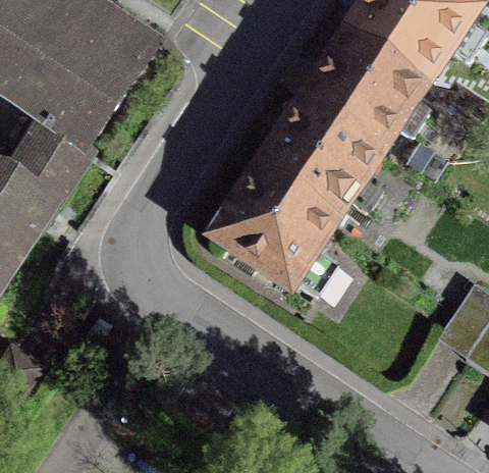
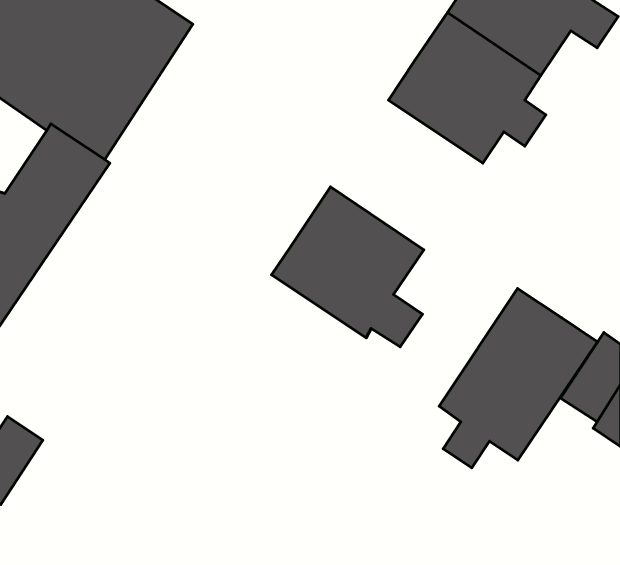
building: [263,99,382,215] -> none
building: none -> [439,289,598,468]

